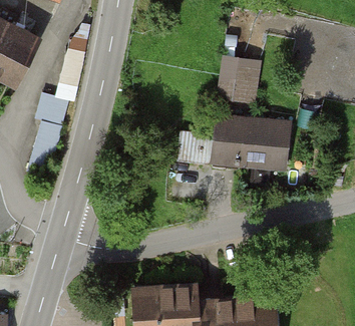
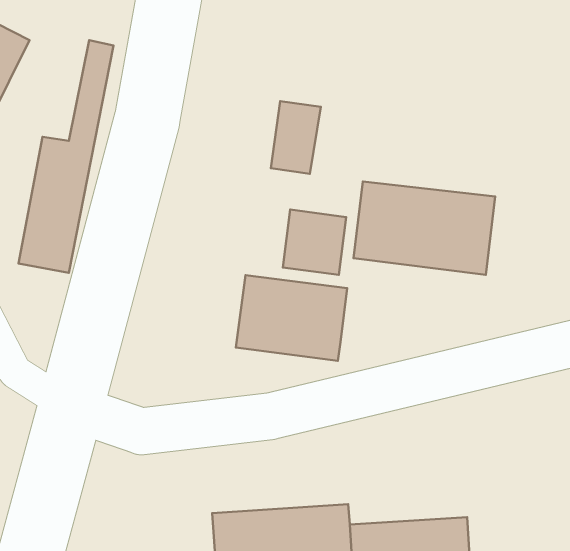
building: [230,62,257,101] -> [271,101,321,174]
building: none -> [236,275,347,361]

